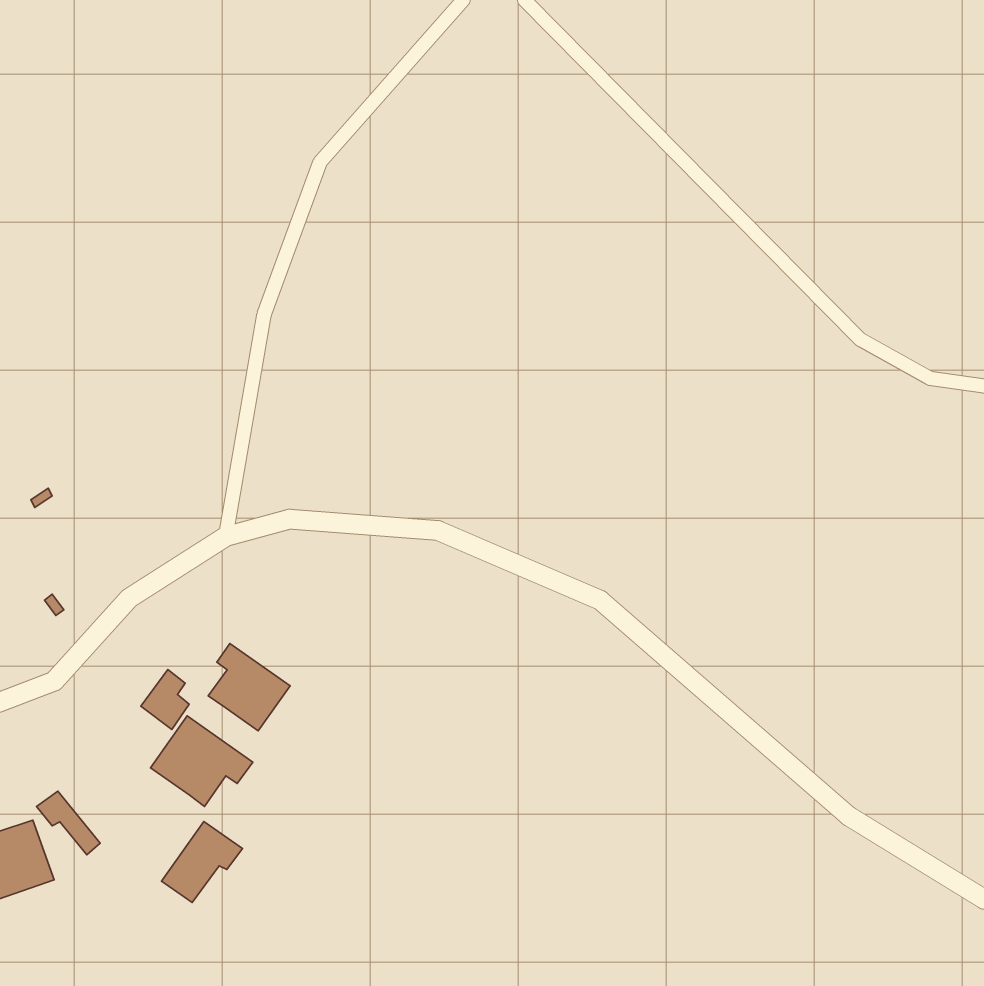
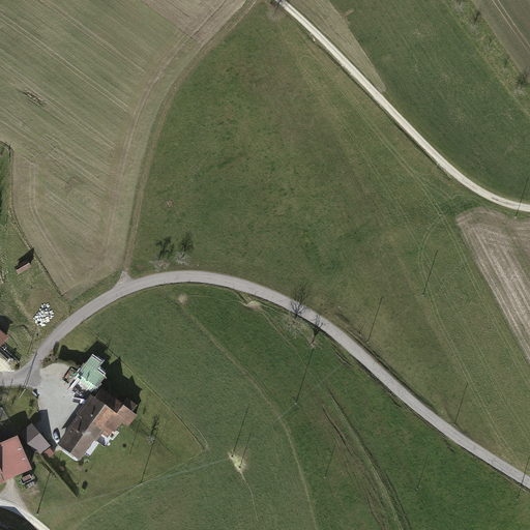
building: [208,643,290,731] -> none
building: [161,821,242,902] -> [58,412,101,455]

